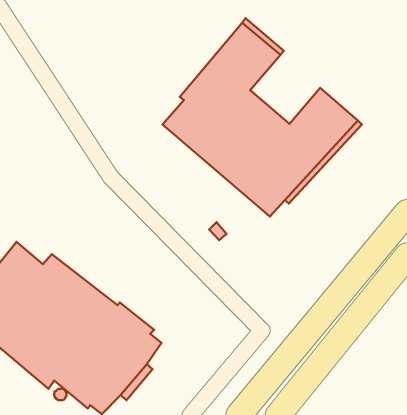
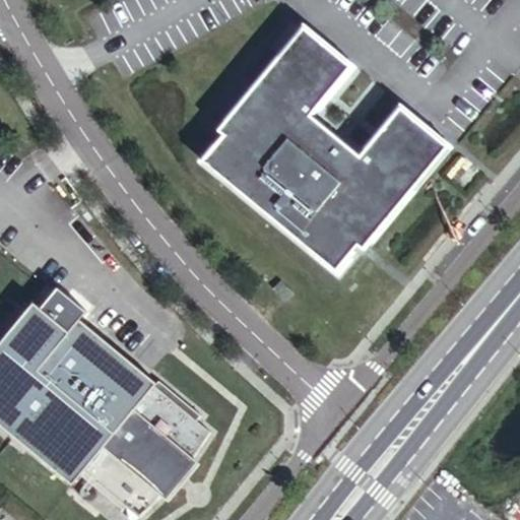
building: none -> [20,284,148,378]

